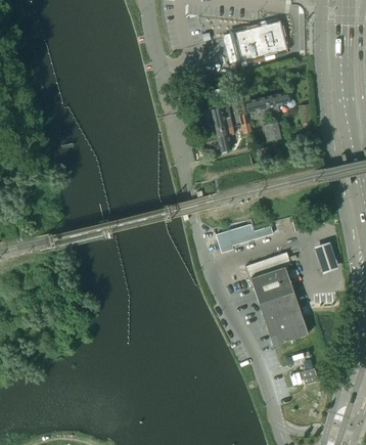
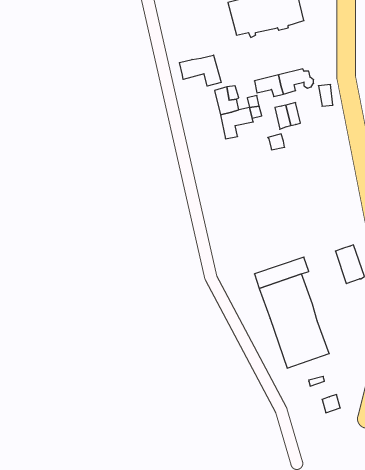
building: none -> [179,55,221,86]
building: [216,223,273,252] -> none

